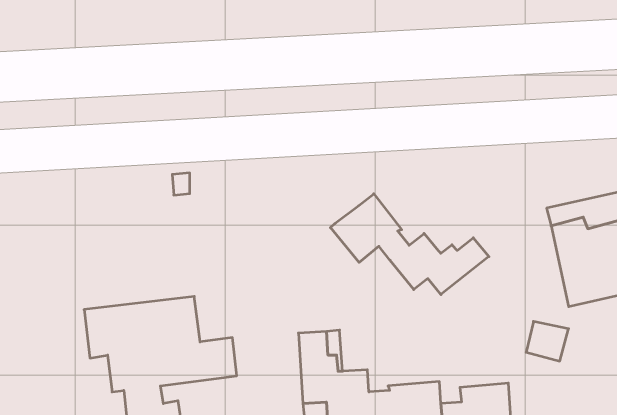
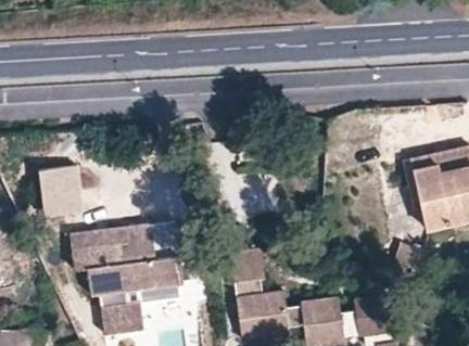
building: [330,194,489,295] -> none
building: none -> [38,168,81,218]

